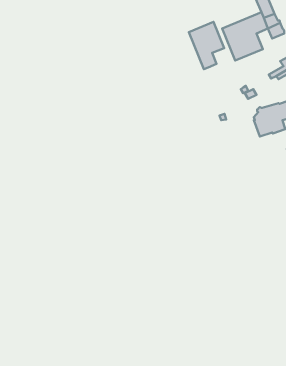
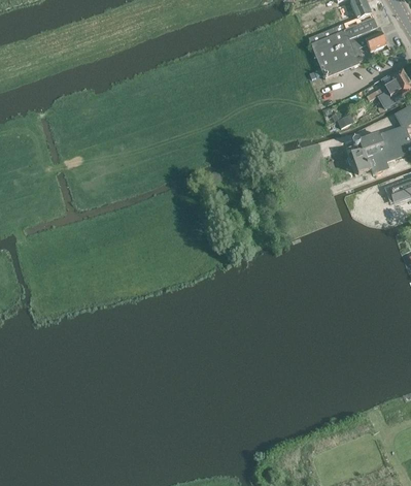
building: [189,22,224,69] -> none

